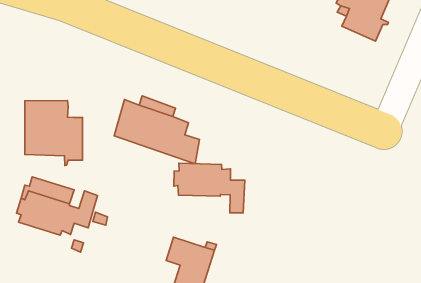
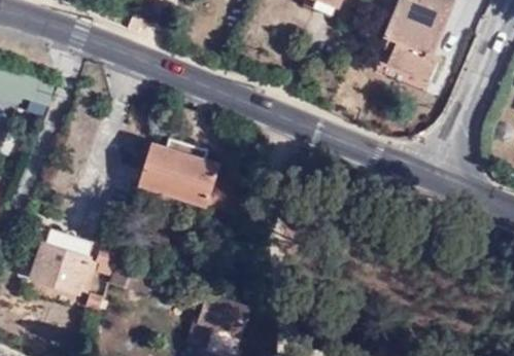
building: [25,100,83,165] -> none
building: [174,163,245,213] -> none

